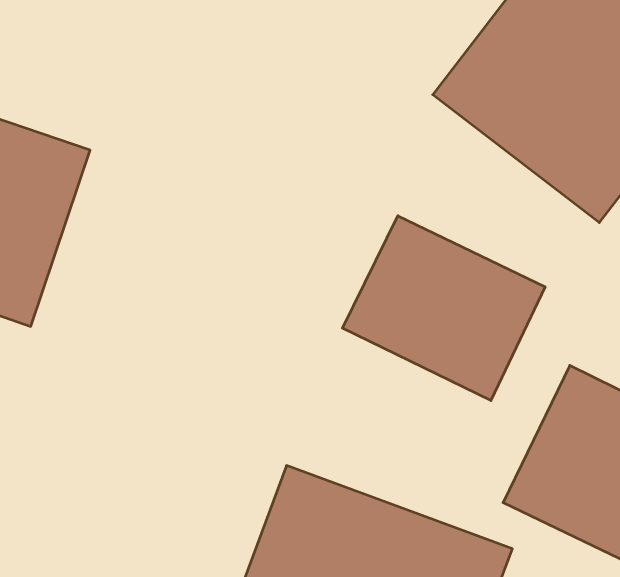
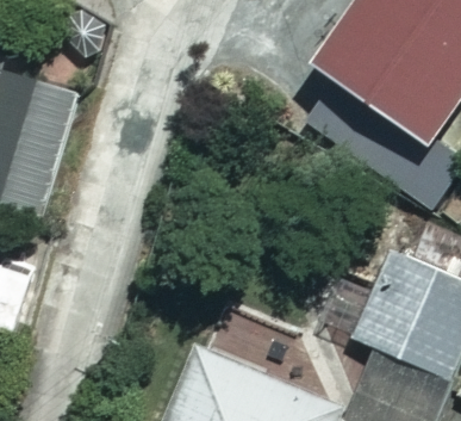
building: [342,216,545,401] -> none

